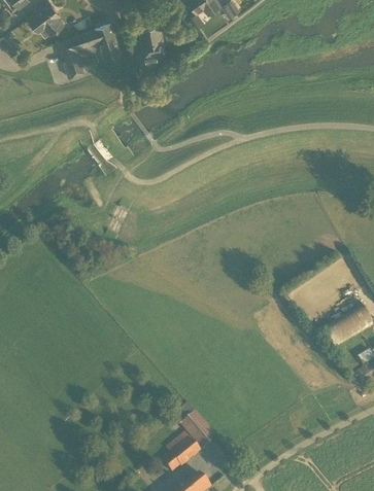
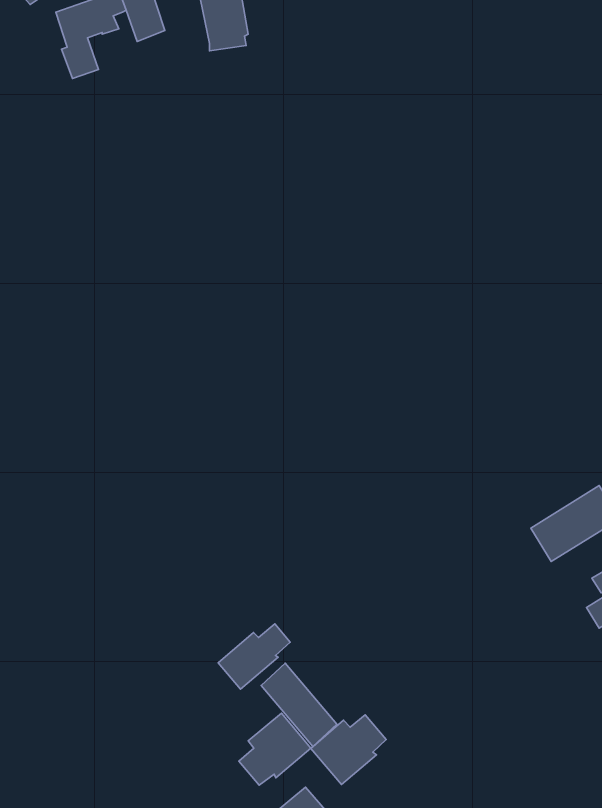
building: none -> [218,624,290,689]
building: none -> [311,715,386,784]

